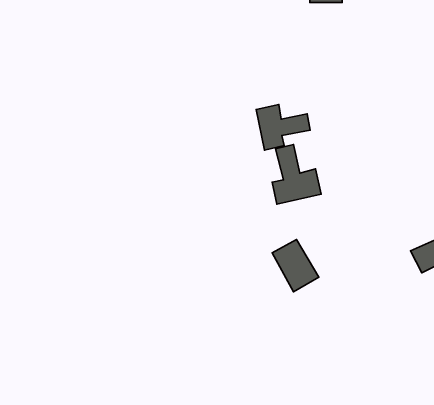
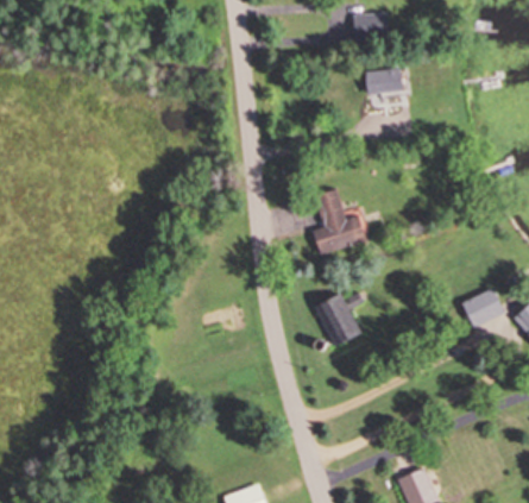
building: none -> [365,69,402,94]
building: [256,104,310,150] -> none

